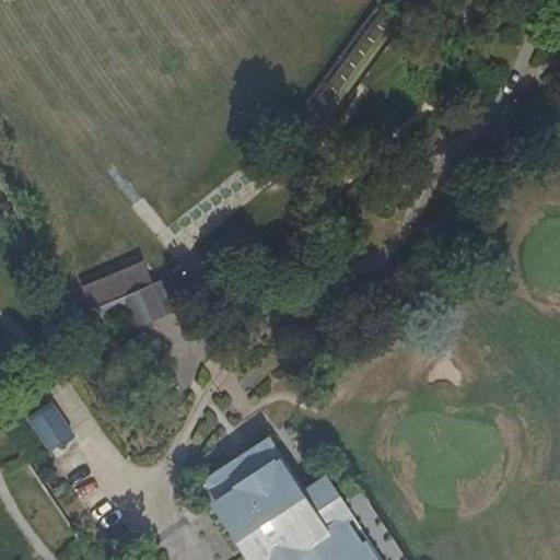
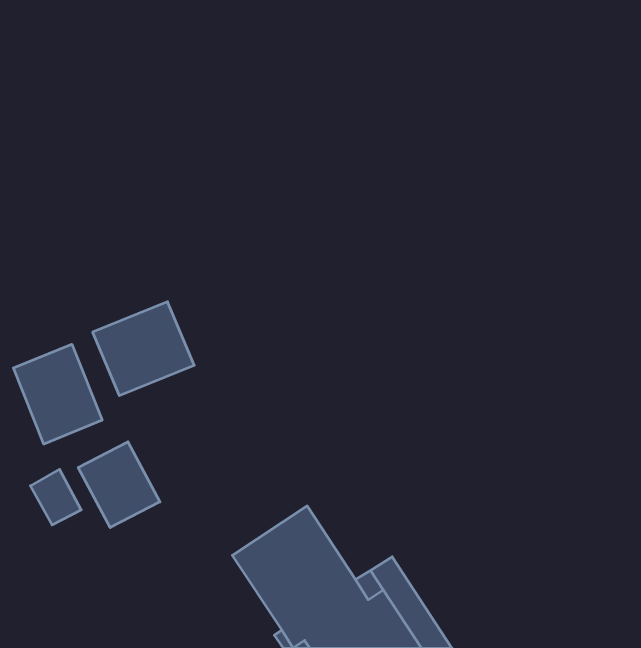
building: none -> [13,344,102,444]
building: none -> [78,442,160,528]

